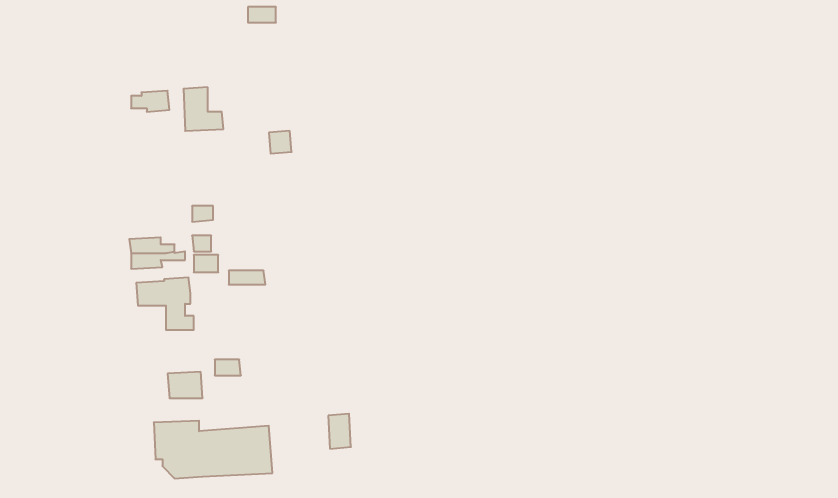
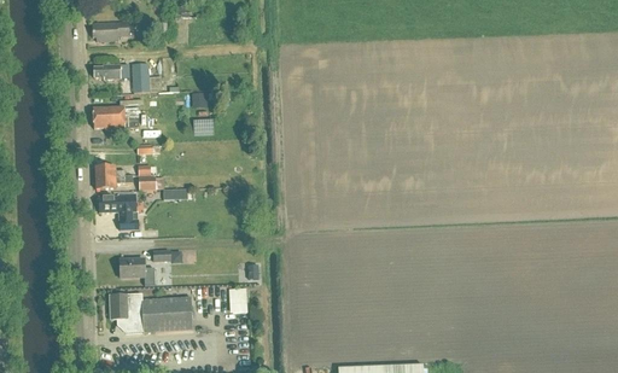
building: none -> [92,22,128,40]
building: none -> [93,106,138,130]

